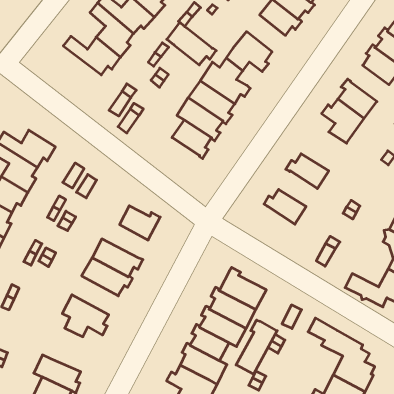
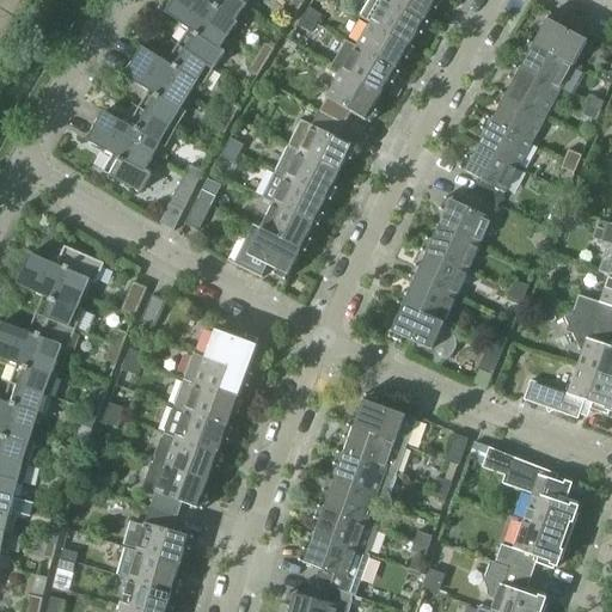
building: [167,23,216,65] -> [330,39,399,93]
building: none -> [87,124,152,192]
building: none -> [491,90,544,141]
building: none -> [224,221,300,280]
building: none -> [437,191,497,244]
building: none -> [408,251,466,296]
building: none -> [387,304,455,360]
building: none -> [183,353,252,398]
building: none -> [153,433,222,481]
building: [236,320,277,374] -> none
building: none -> [126,507,192,563]

